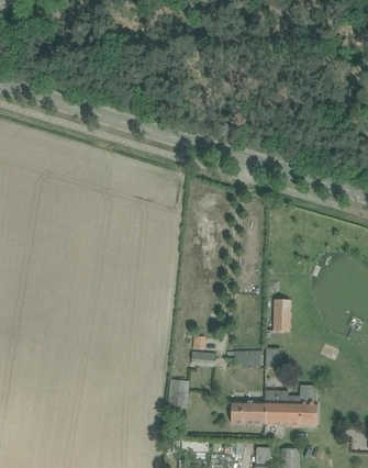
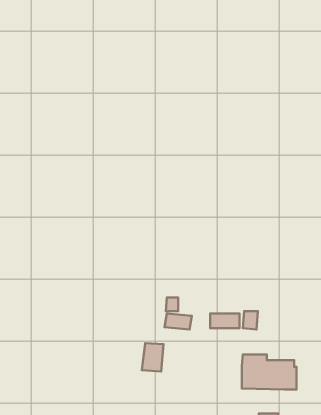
building: [270,298,289,331] -> none
building: [232,400,265,423] -> none

